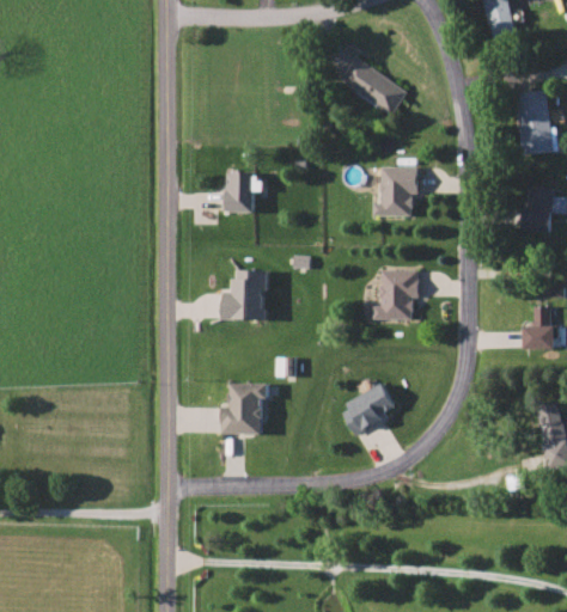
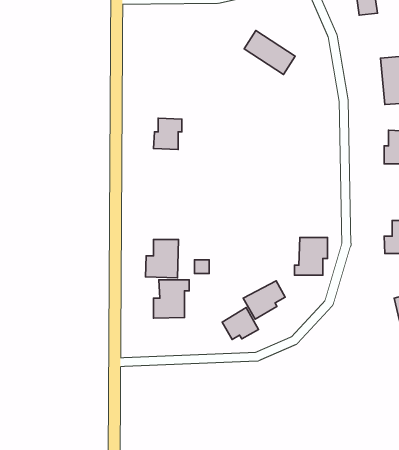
building: [373,166,417,215] -> none
building: [222,270,266,320] -> [145,239,178,278]
building: [374,270,417,319] -> [294,238,327,275]
building: none -> [222,307,259,339]

